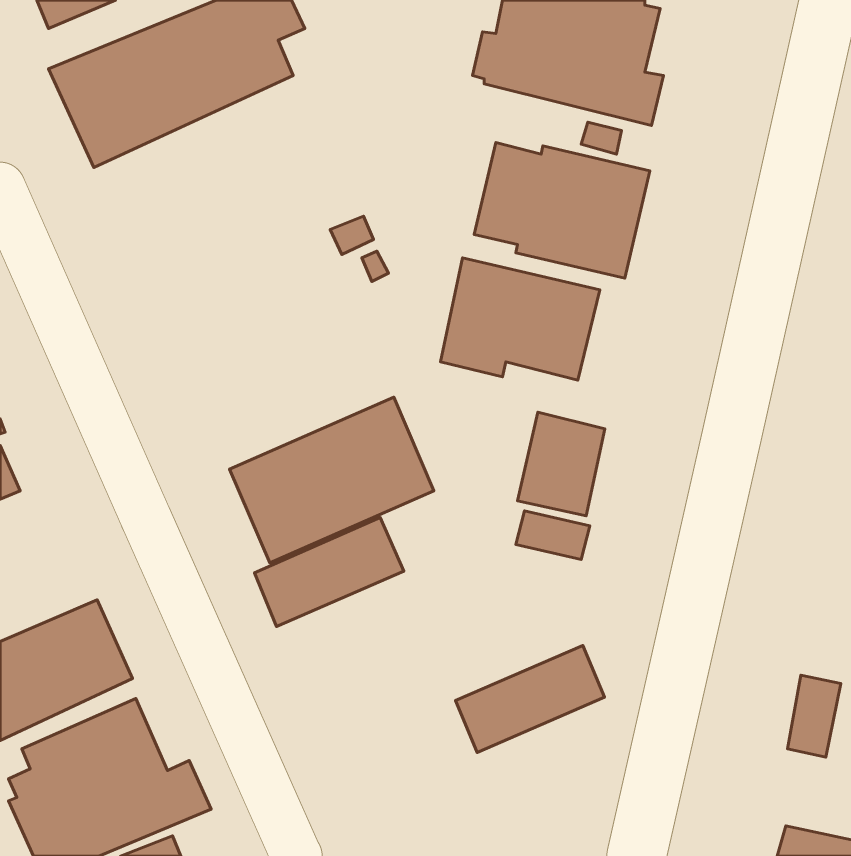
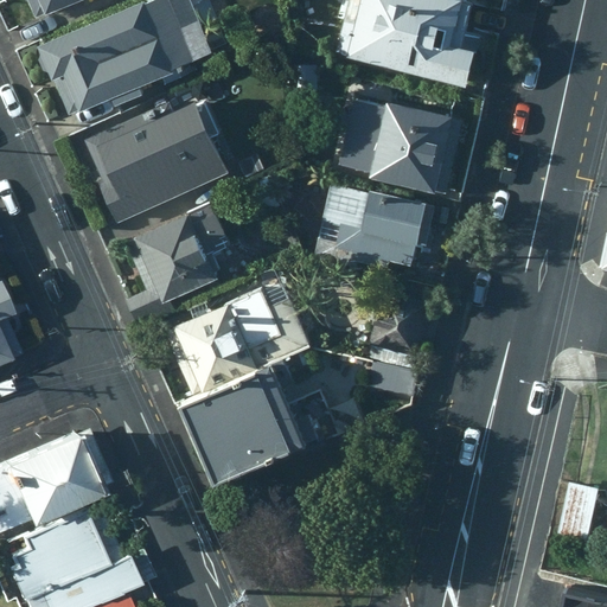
building: none -> [84,101,229,225]
building: none -> [127,205,232,325]
building: [455,645,605,753] -> [199,404,305,480]

